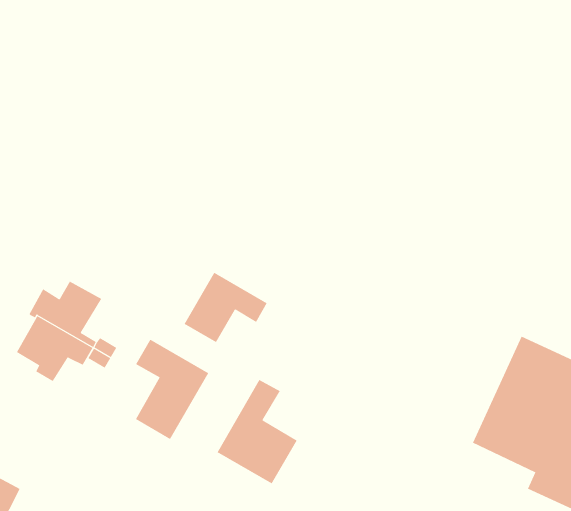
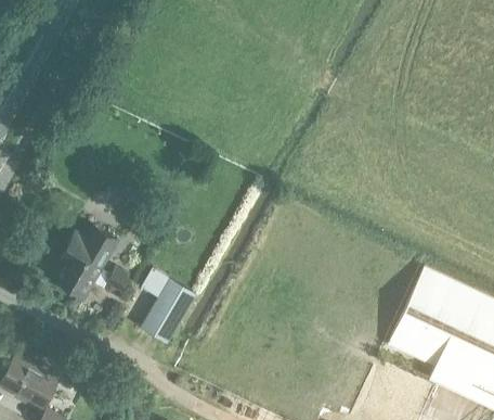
building: [184,272,268,343] -> none
building: [217,379,297,484] -> none

